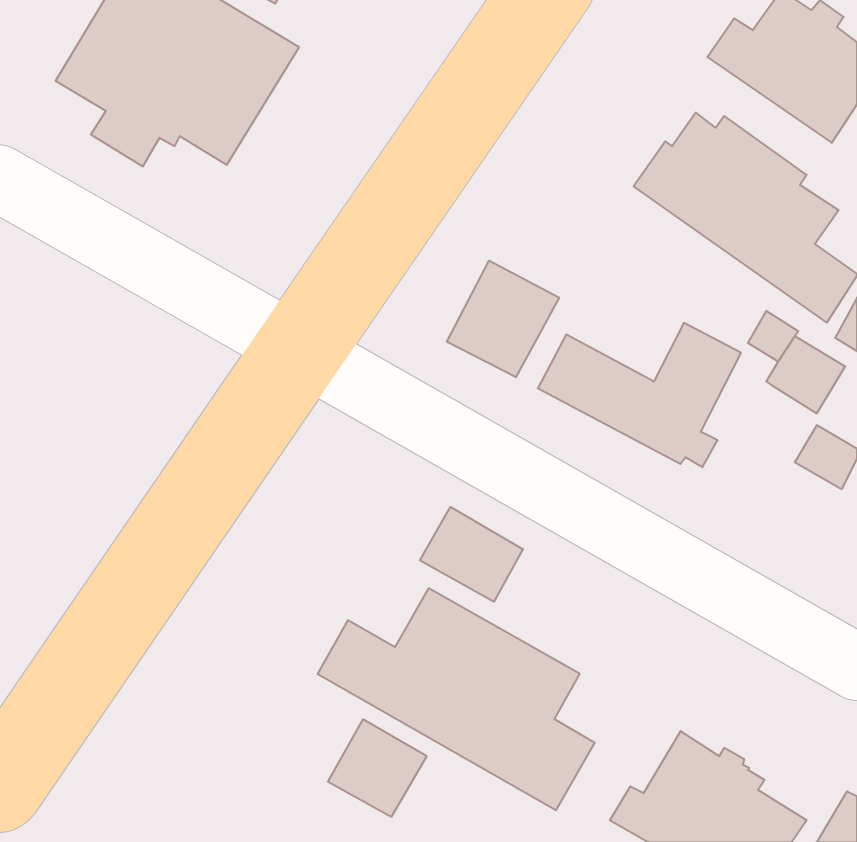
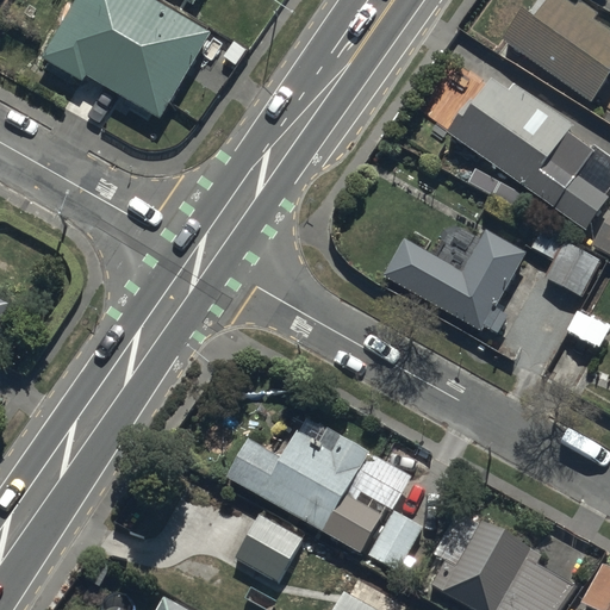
building: [447,261,559,377] -> none
building: [420,507,523,602] -> none

